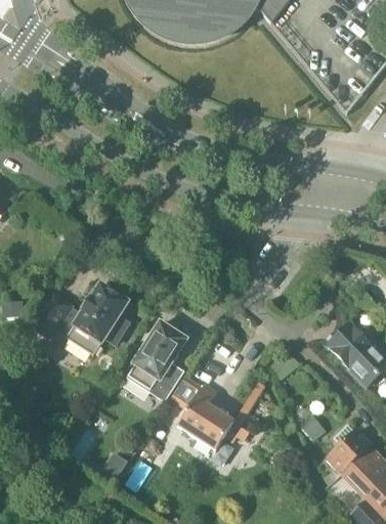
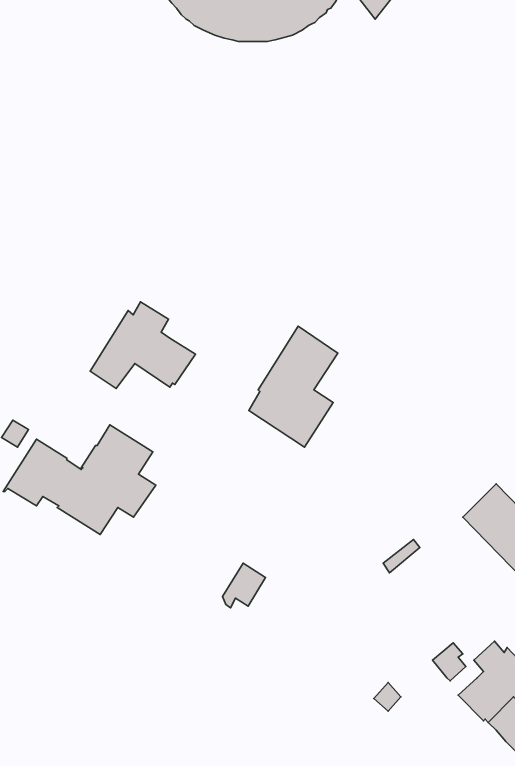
building: none -> [90,302,196,389]
building: [128,322,185,400] -> [249,326,338,447]
building: [177,385,248,449] -> none

